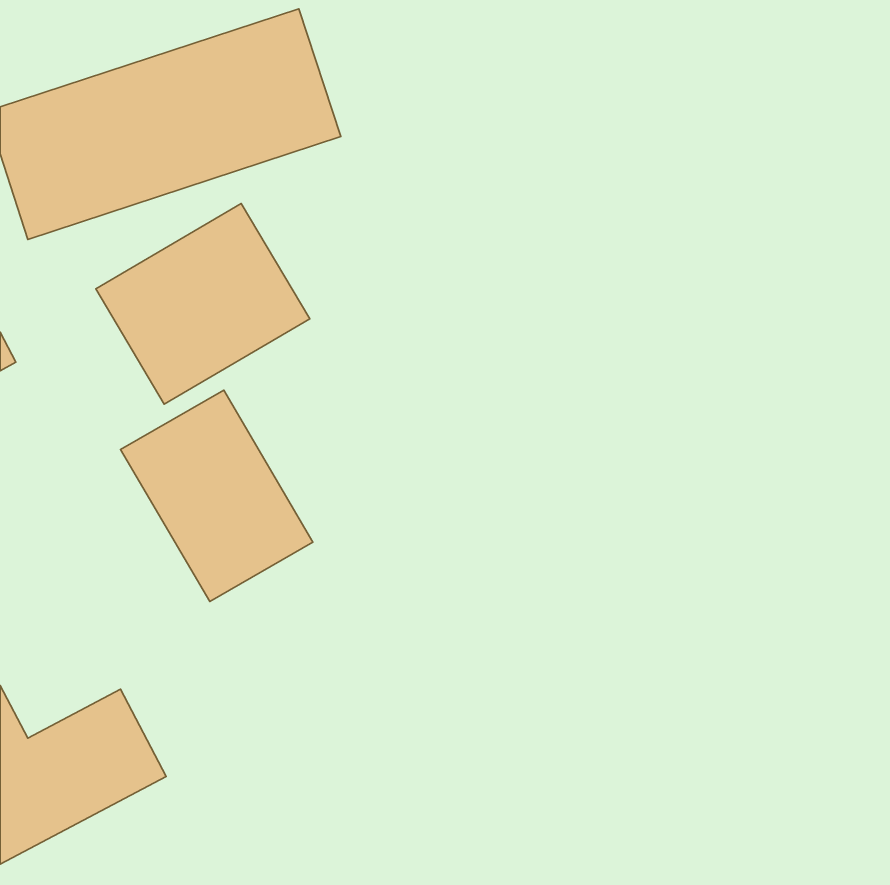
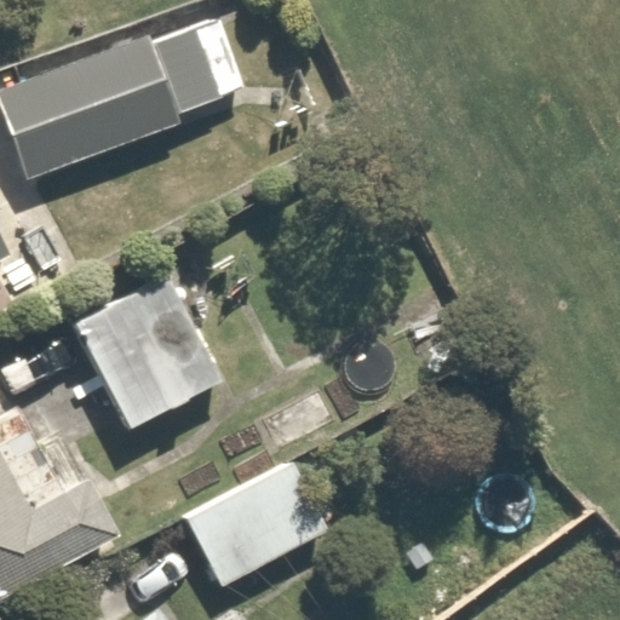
building: [96,204,310,404] -> none
building: none -> [184,459,327,589]

